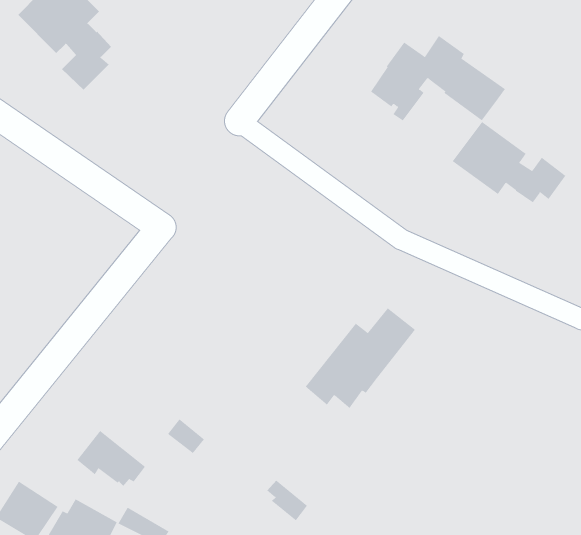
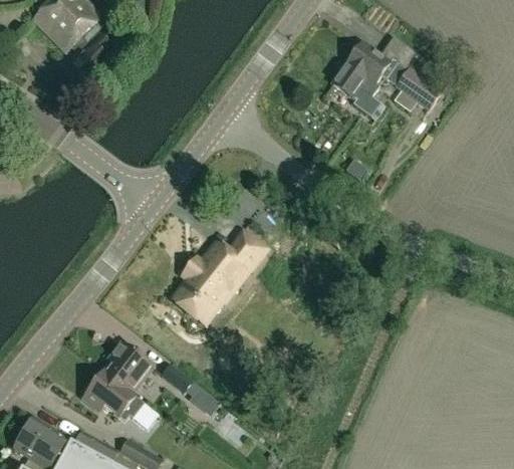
building: [452,121,566,203] -> none
building: [305,307,416,409] -> [171,230,265,316]
building: none -> [101,342,151,405]
building: [267,480,308,521] -> [183,382,218,417]

